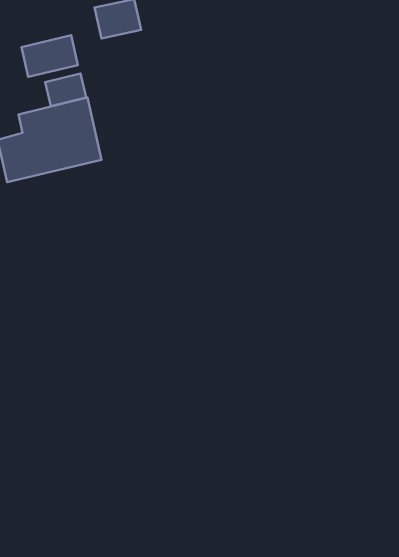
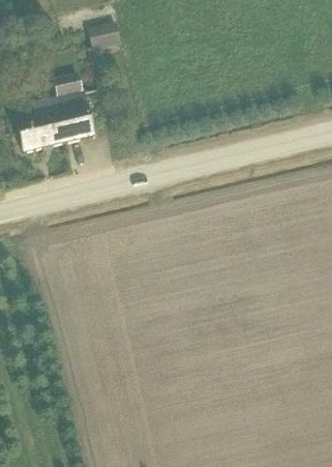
building: [22,35,78,77] -> none

